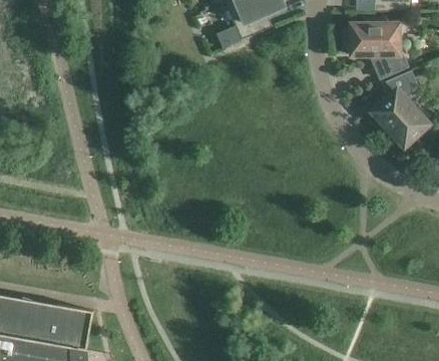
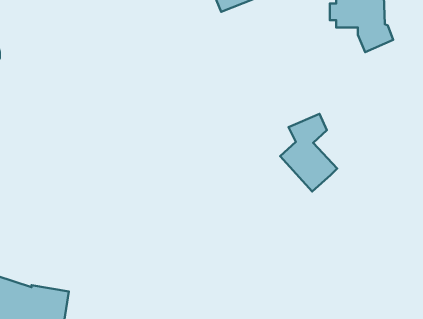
building: [371,71,426,146] -> [280,114,337,191]

